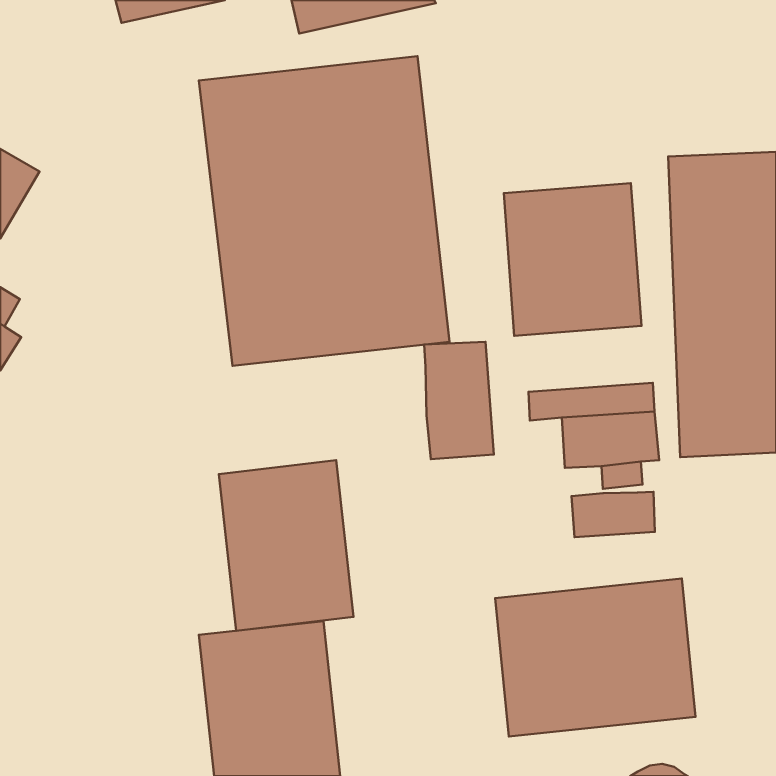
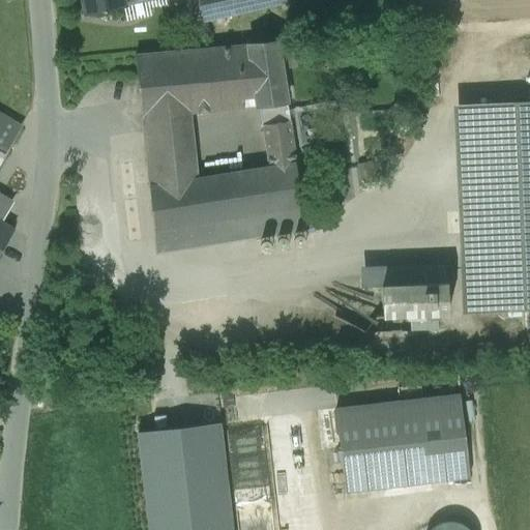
building: [504,183,641,336] -> none
building: [424,342,494,459] -> none
building: [219,460,354,631] -> none
building: [572,492,655,537] -> none

